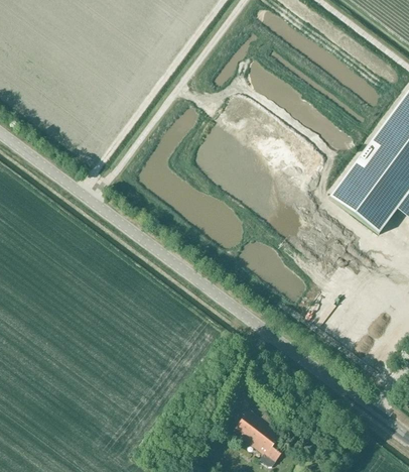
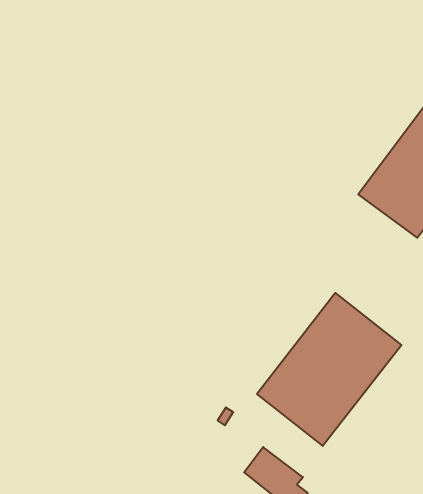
building: none -> [257,293,401,446]

